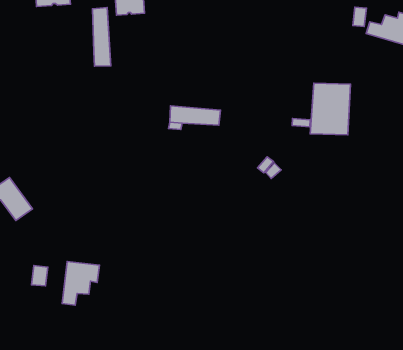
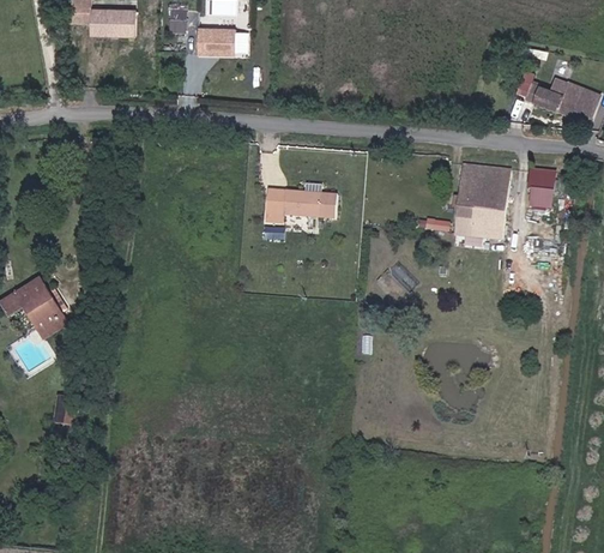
building: [92,8,111,66] -> none
building: none -> [525,172,556,214]
building: [62,261,99,305] -> none

